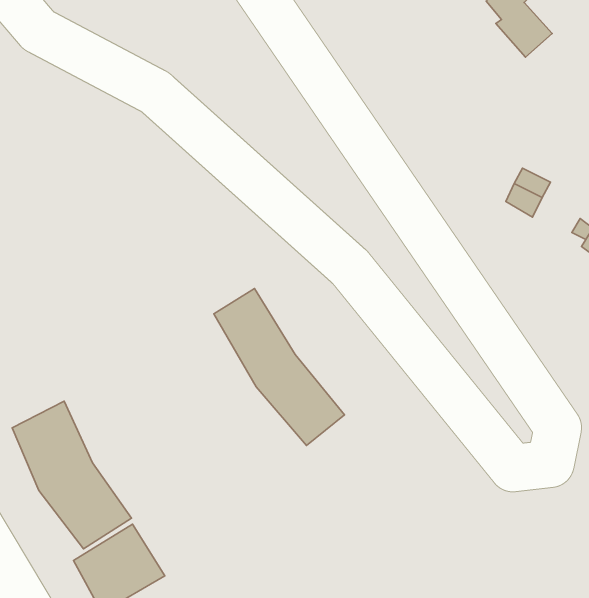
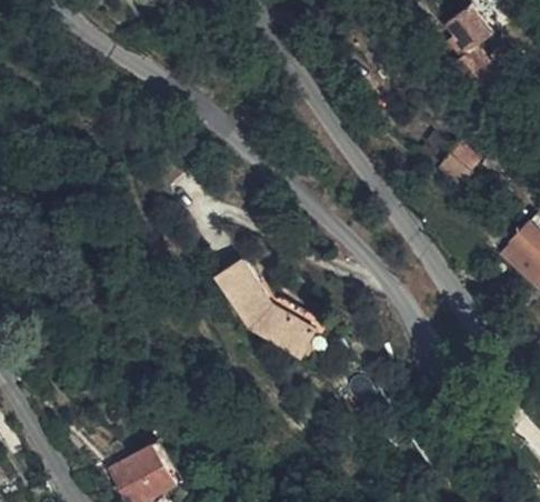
building: [12,401,132,549] -> none

